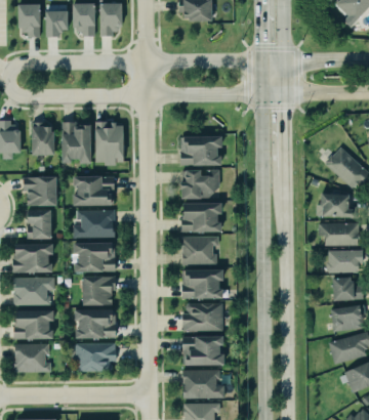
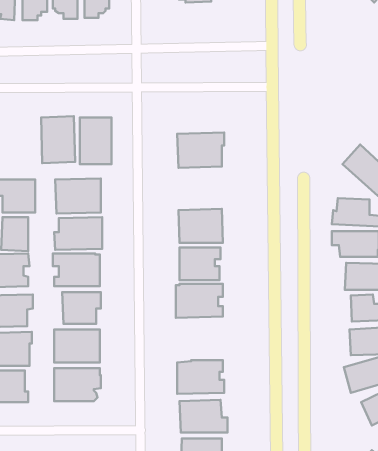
building: [32,124,54,156] -> none
building: [181,170,220,200] -> none
building: [180,302,221,331] -> none

